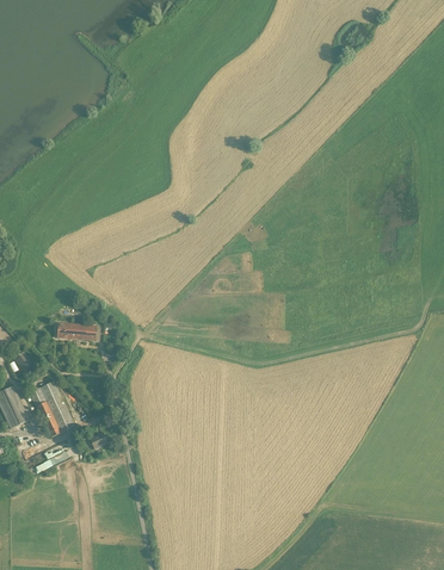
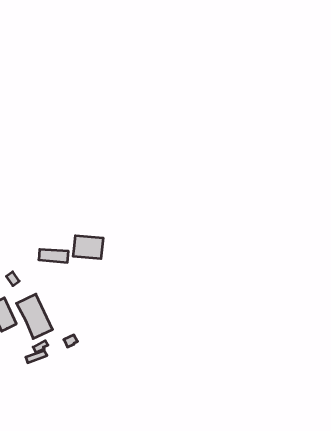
building: none -> [73,236,103,259]

